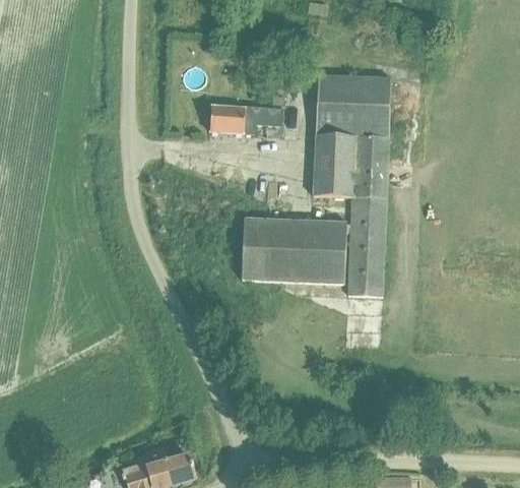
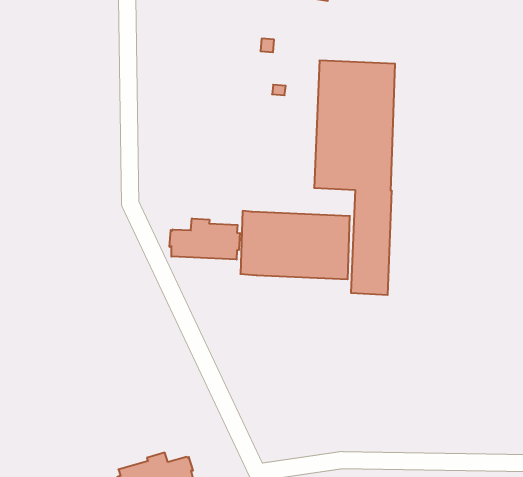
building: [209,105,282,134] -> none
building: none -> [170,218,240,260]

